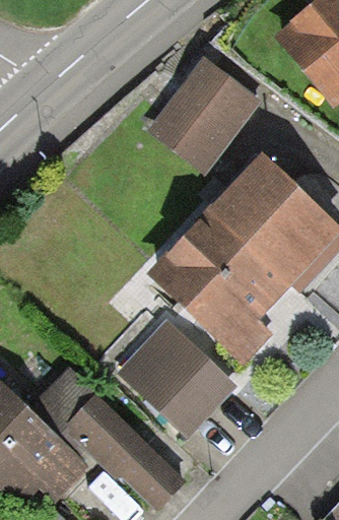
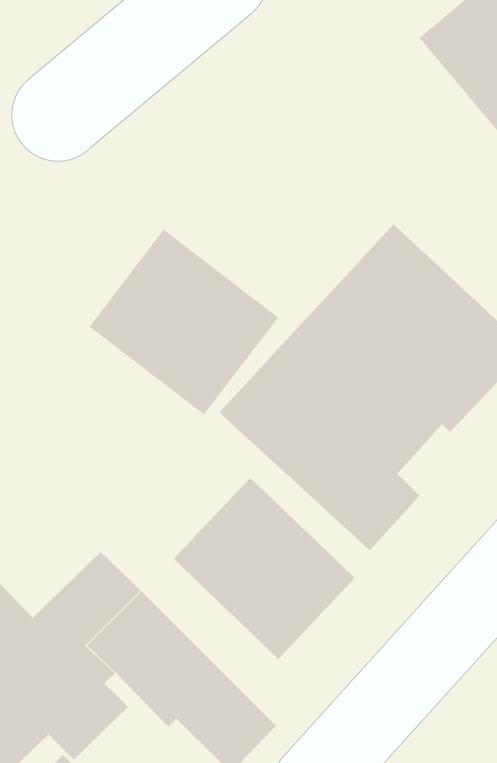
building: [146,58,258,173] -> none
building: none -> [89,229,279,416]

